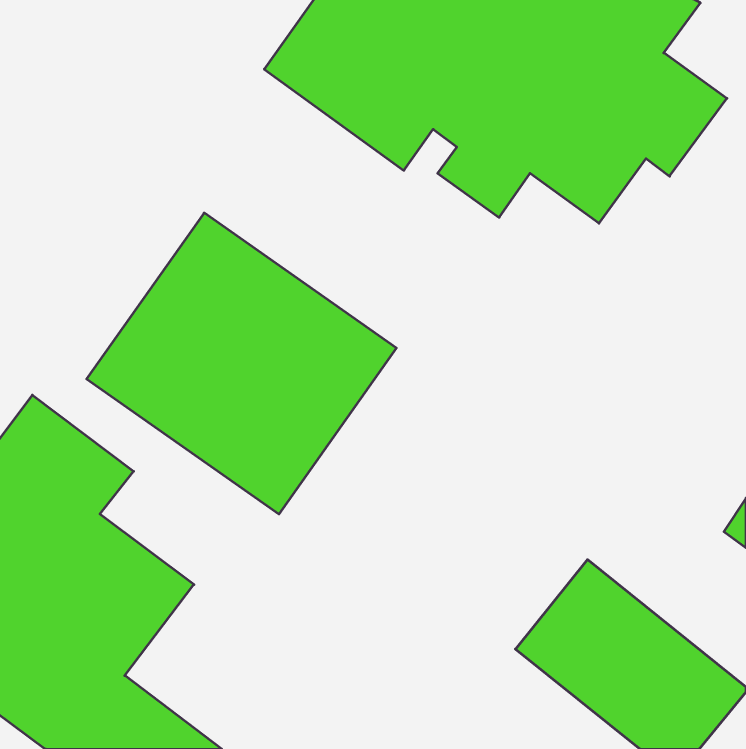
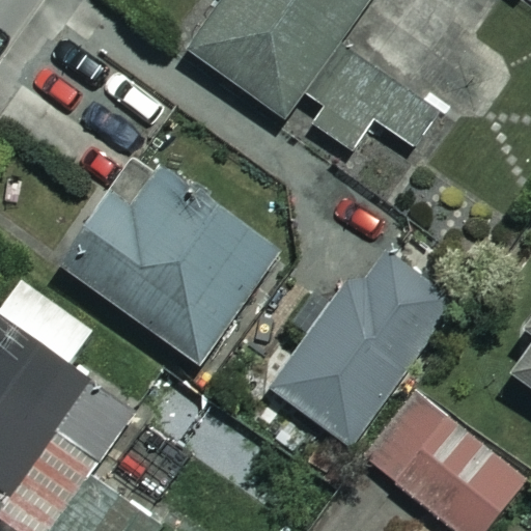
building: none -> [264,241,450,452]

